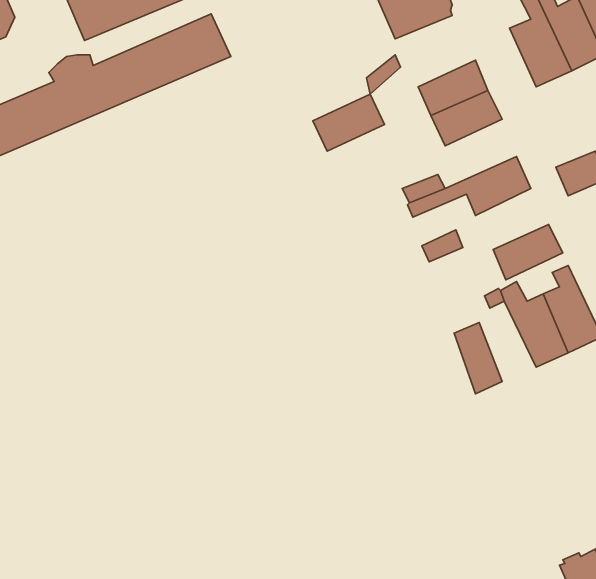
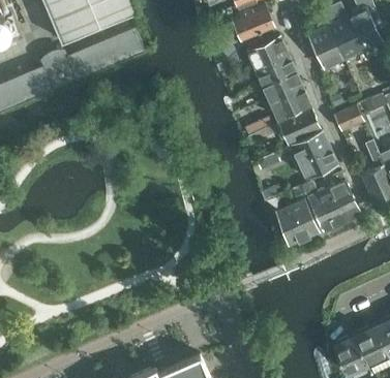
building: [313,94,384,151] -> [246,35,288,68]
building: none -> [270,87,310,120]
building: none -> [290,130,330,162]
building: none -> [290,198,320,239]

